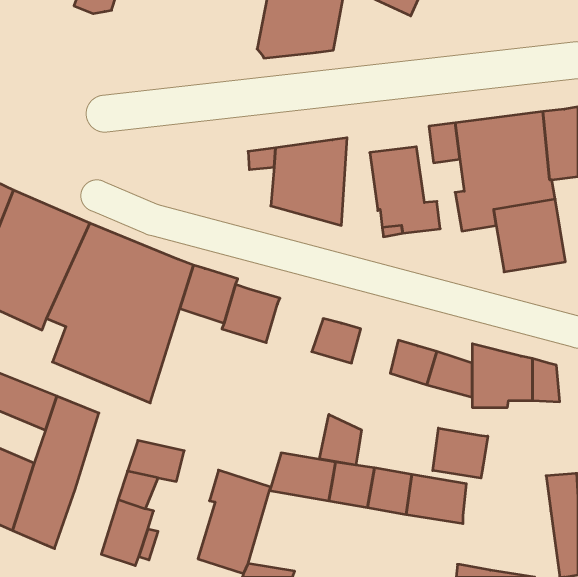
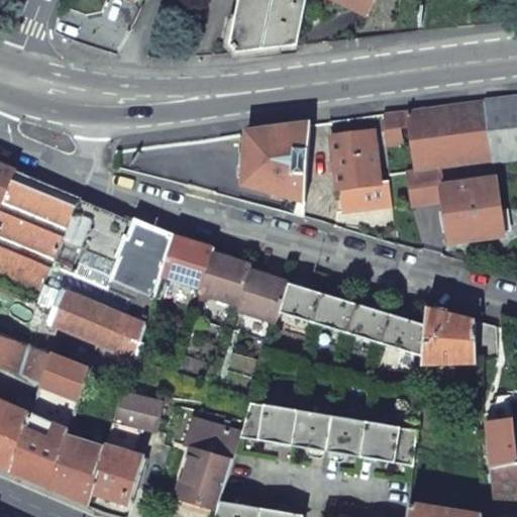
building: none -> [234,270,287,321]
building: none -> [312,292,353,331]
building: [320,414,361,465] -> none
building: [433,428,488,478] -> none
building: none -> [48,434,104,504]

